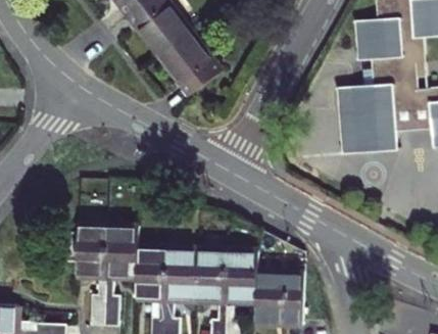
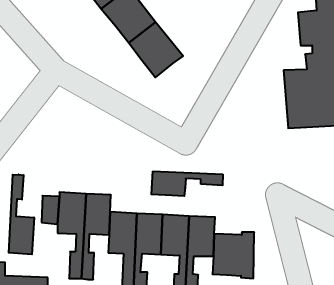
building: none -> [151,171,223,196]
building: none -> [9,174,34,254]

